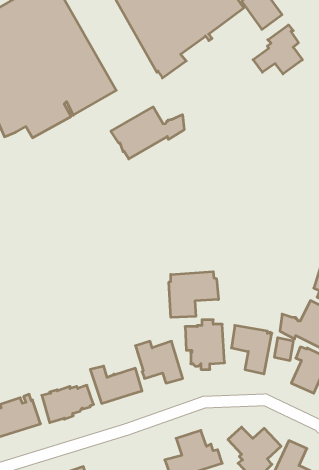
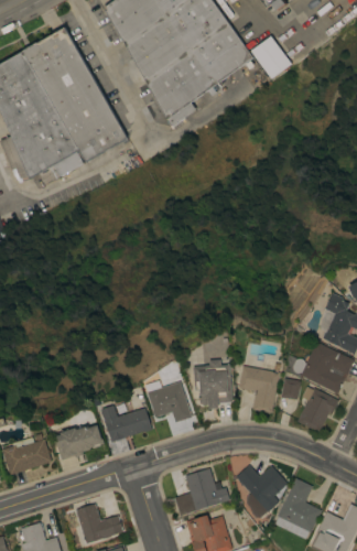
building: [253,25,302,74] -> none
building: [111,107,184,159] -> none
building: [169,272,218,317] -> none

